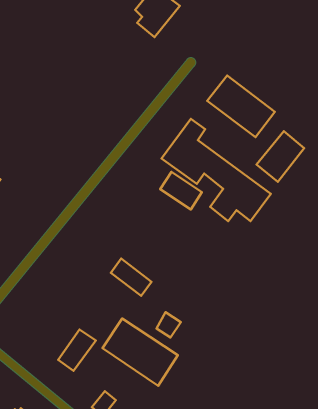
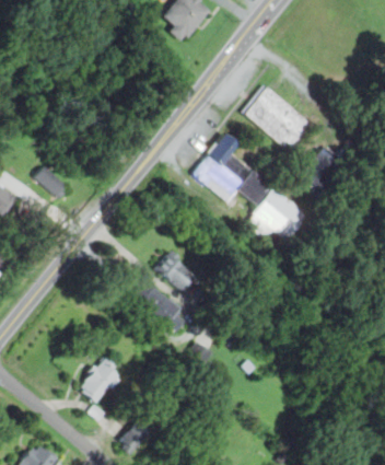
building: none -> [34,165,69,199]
building: [160,172,202,209] -> [153,255,198,295]
building: [102,318,178,386] -> none

